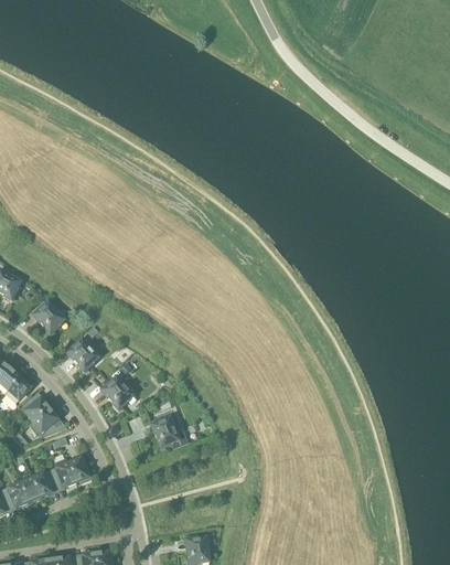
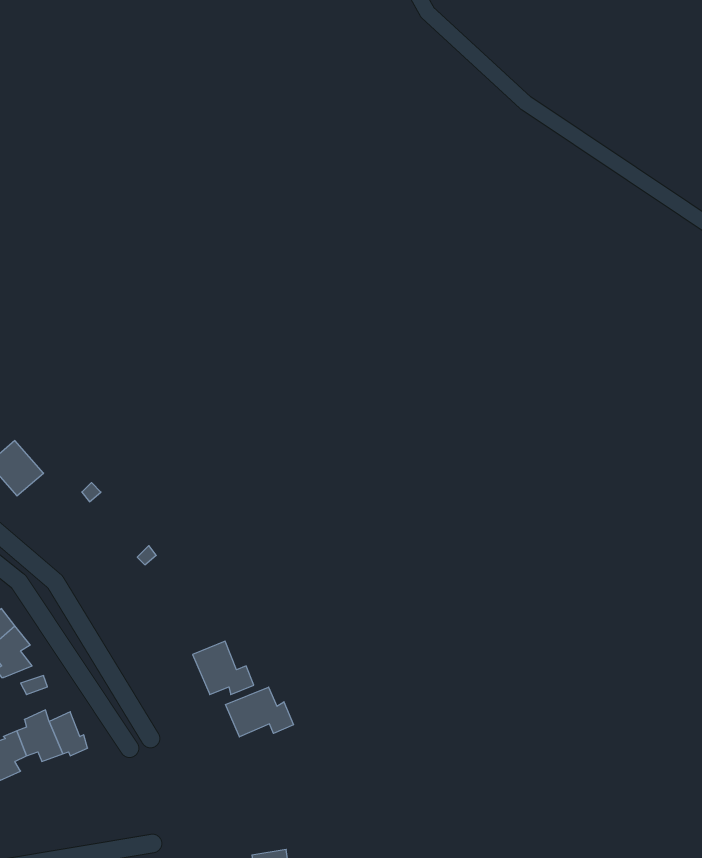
building: [67,339,98,371] -> none
building: [101,377,132,408] -> none
building: none -> [226,687,294,737]

